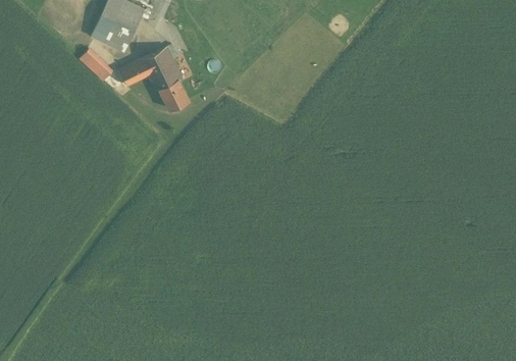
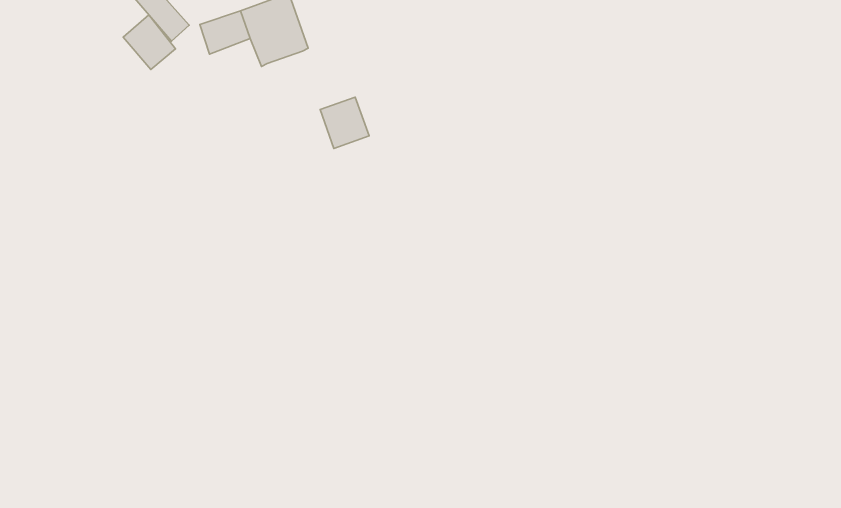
building: none -> [123,15,176,70]
building: [159,79,189,109] -> [320,97,369,148]

